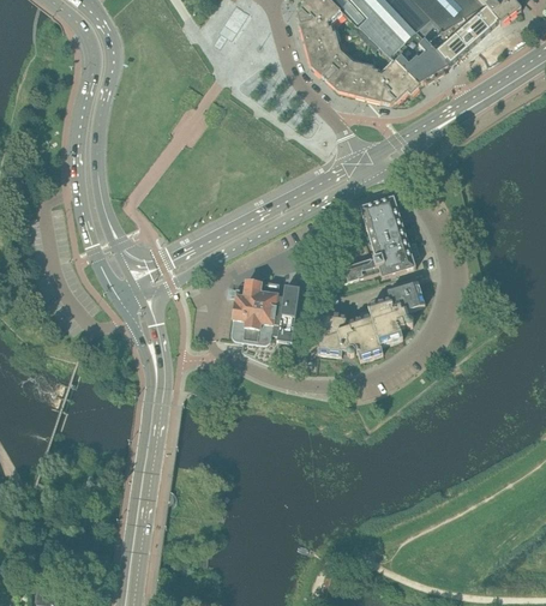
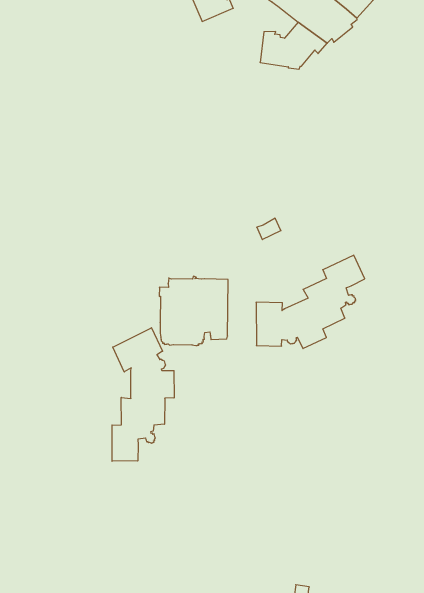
building: [306,40,361,92] -> none
building: [336,194,414,282] -> none
building: none -> [112,328,174,461]

